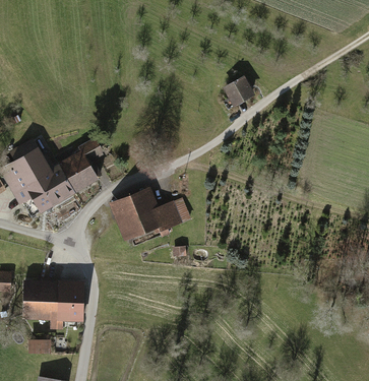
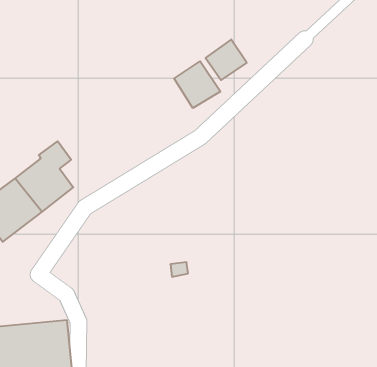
building: none -> [174,61,220,108]
building: [108,187,190,242] -> none

